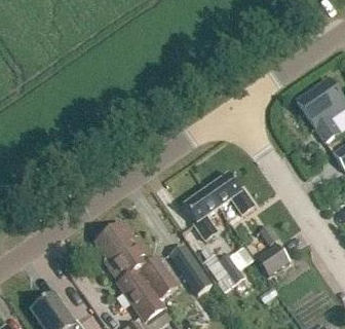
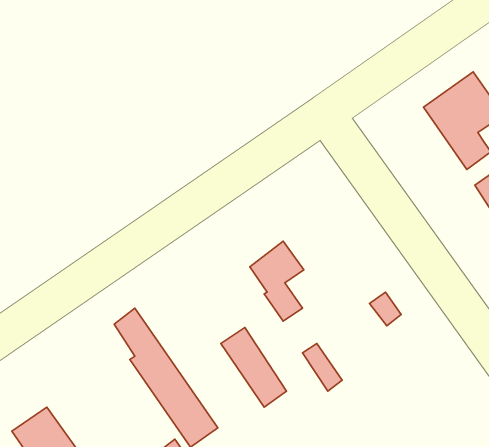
building: [205,171,254,211] -> none
building: [110,220,178,306] -> none
building: [256,243,289,275] -> none

